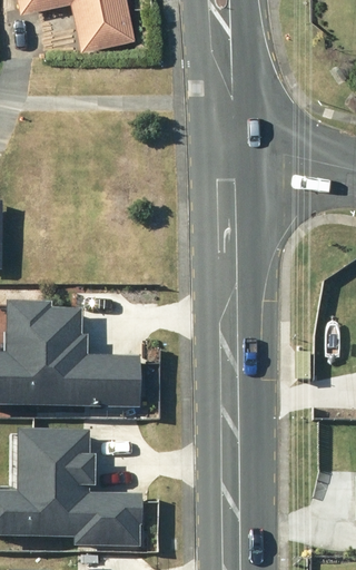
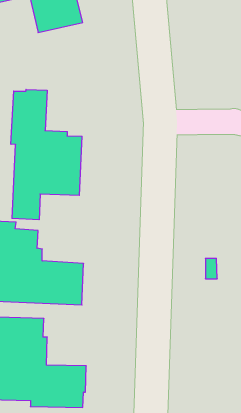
building: none -> [11,89,82,220]

